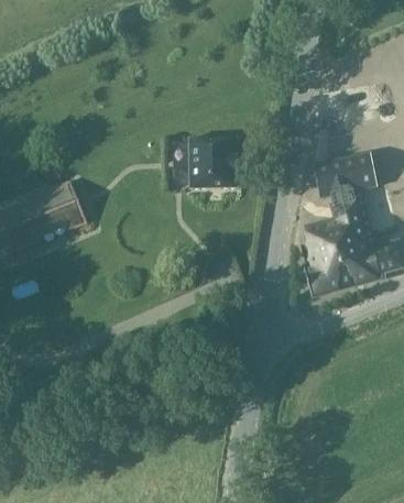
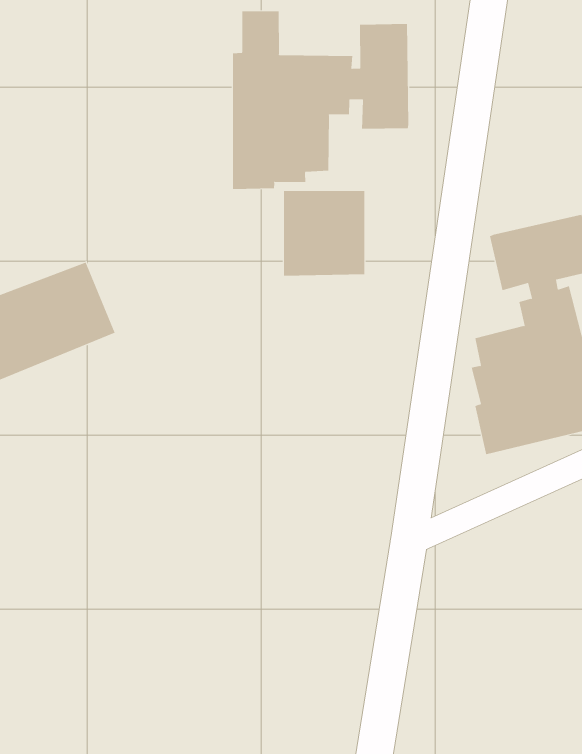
building: none -> [233,10,409,190]

